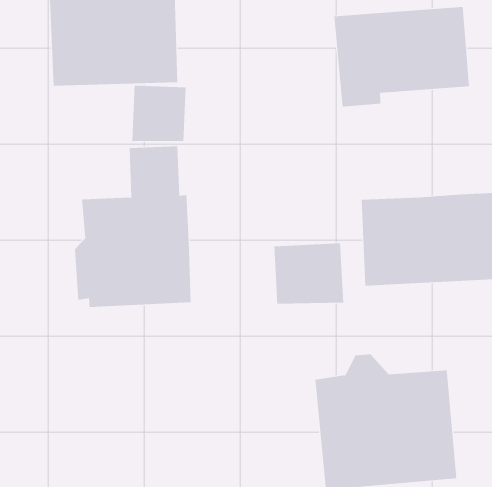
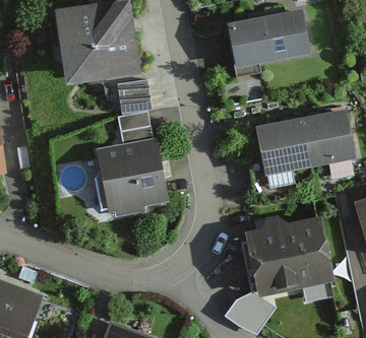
building: [274,242,344,305] -> none

